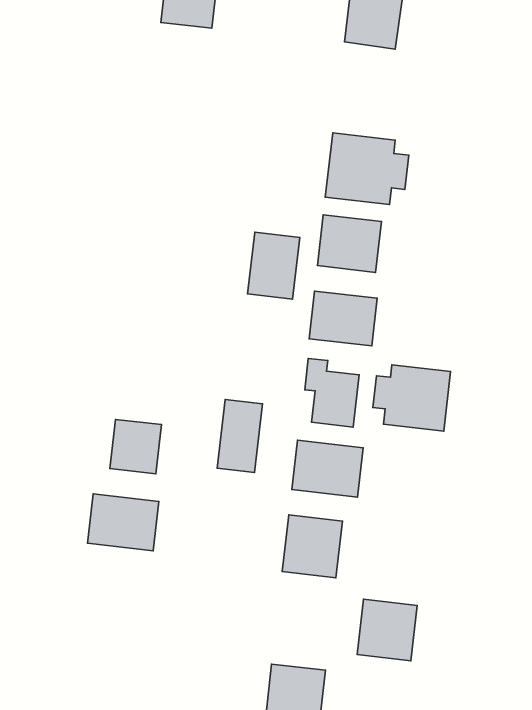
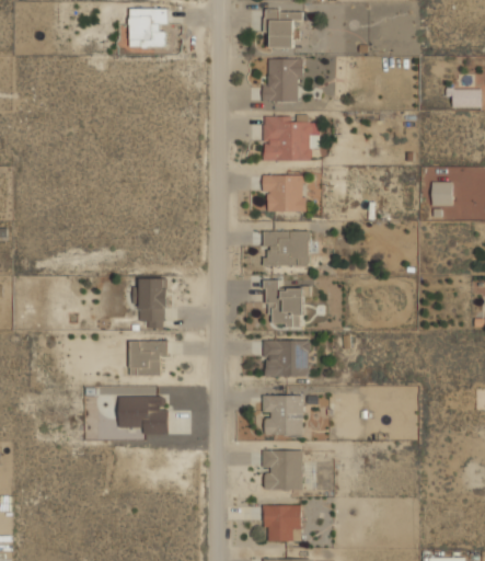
building: none -> [264,58,303,102]
building: [248,232,300,299] -> none
building: [373,365,451,431] -> none
building: [217,400,262,473] -> [140,277,168,328]
building: [357,599,417,661] -> [264,449,303,490]

